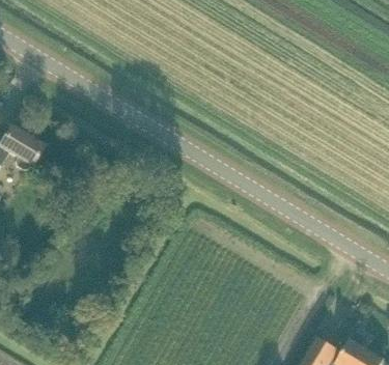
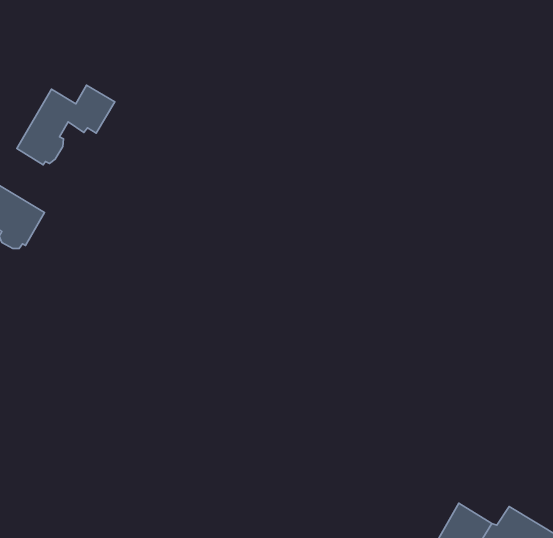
building: none -> [17,85,115,165]

